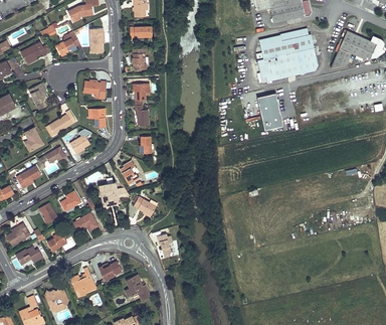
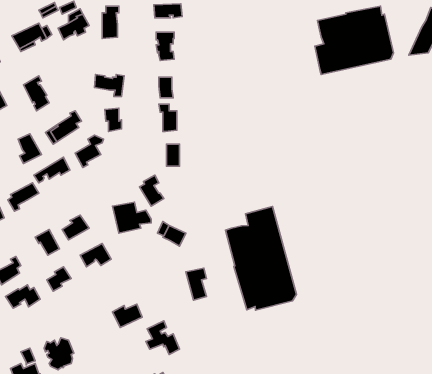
building: [243,94,282,130] -> none
building: none -> [225,207,296,310]
building: [70,268,95,298] -> none

